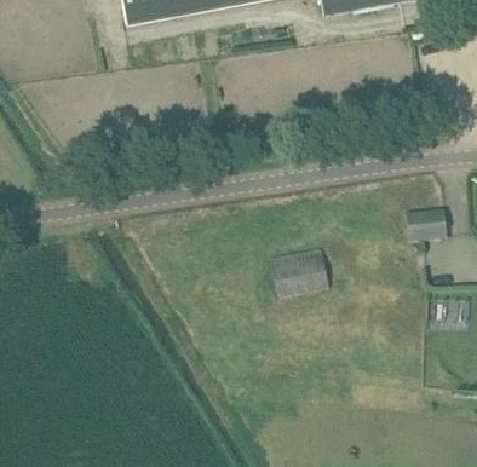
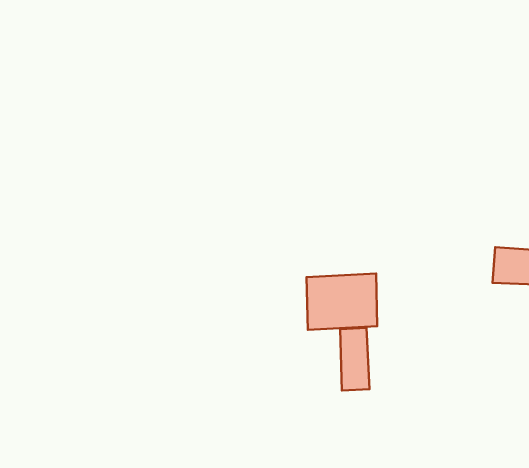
building: none -> [340,328,369,391]

